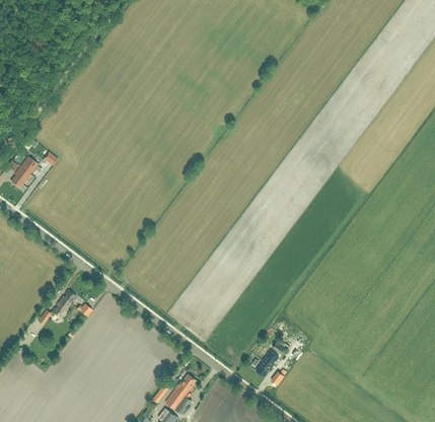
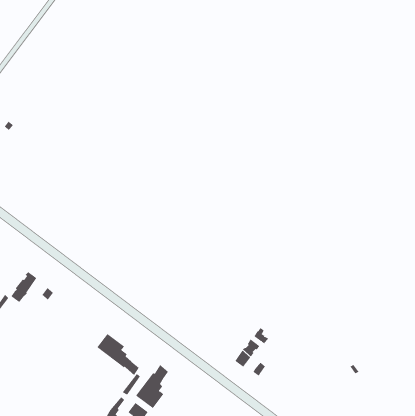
building: none -> [96,333,139,376]

